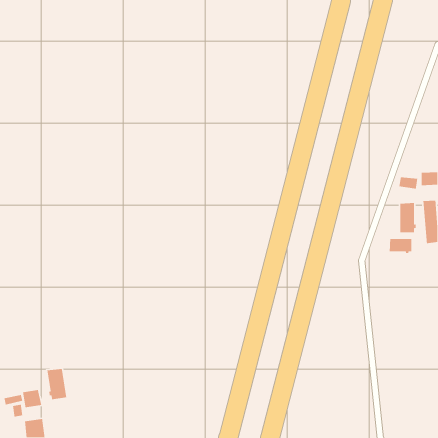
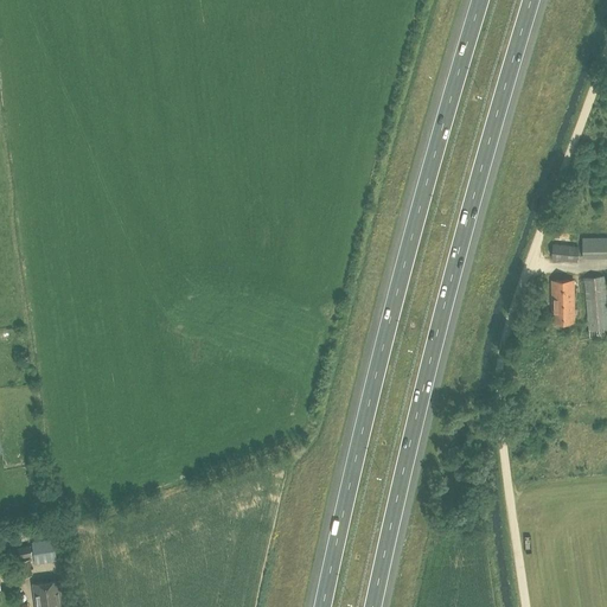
building: [389,238,412,254] -> none
building: [47,368,67,400] -> none

